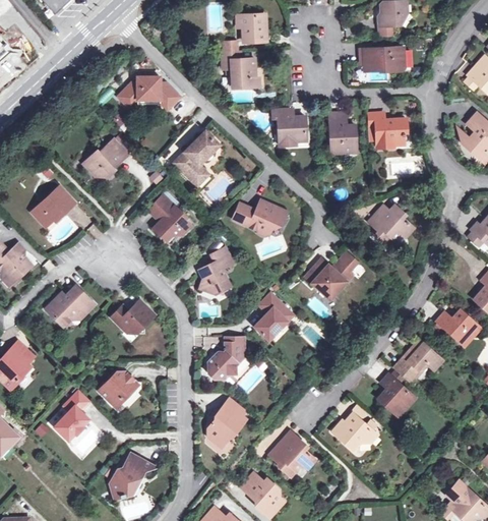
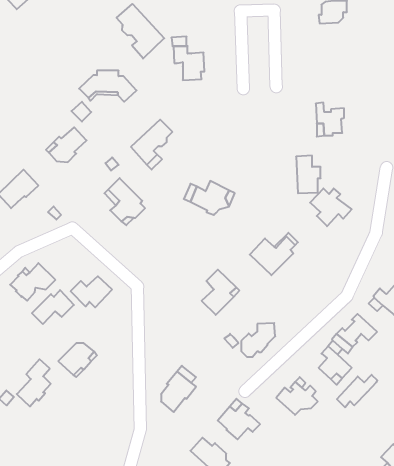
building: none -> [117,4,164,59]
building: [242,14,266,42] -> none
building: [364,49,404,72] -> none
building: [272,109,307,144] -> none
building: [329,114,356,155] -> [296,156,321,193]
building: [199,246,233,293] -> none
building: none -> [32,290,74,324]
building: [208,341,245,378] -> [241,323,275,357]
building: none -> [337,375,377,407]
building: [110,453,156,498] -> none

